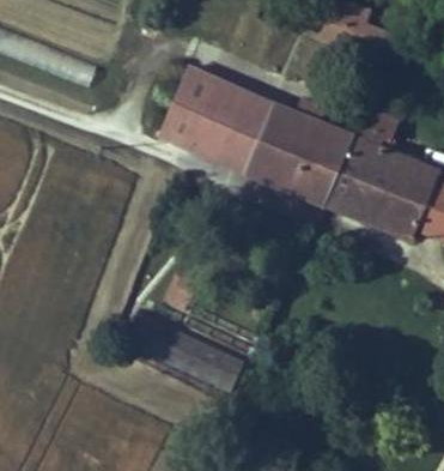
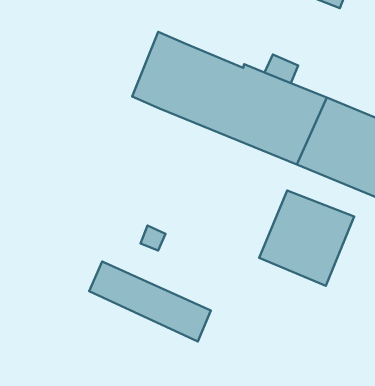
building: none -> [259,191,354,286]

